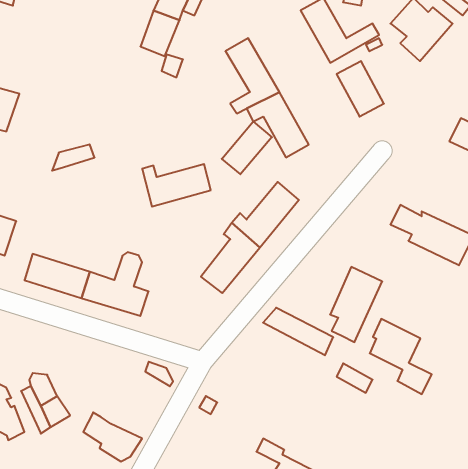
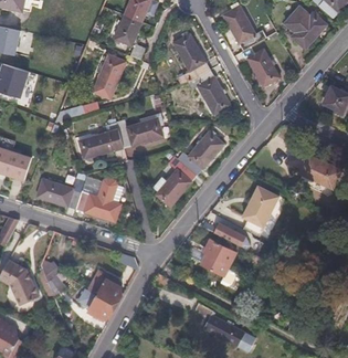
building: none -> [93,55,125,98]
building: [222,122,272,174] -> none
building: none -> [78,117,123,158]
building: [370,319,432,394] -> [200,241,242,292]
building: none -> [88,267,122,304]

